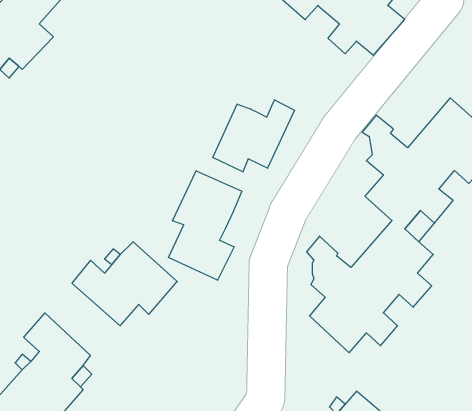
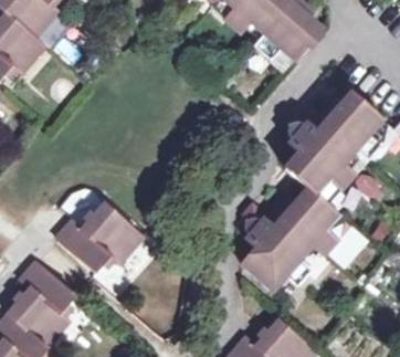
building: [213,100,294,172] -> none
building: [168,171,242,280] -> none

